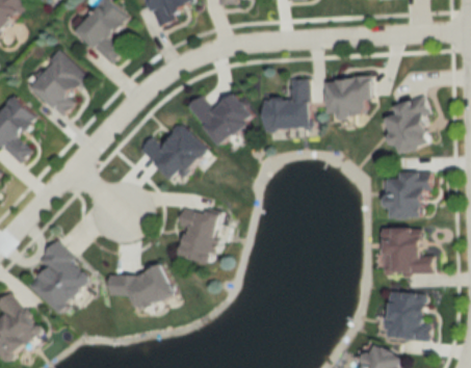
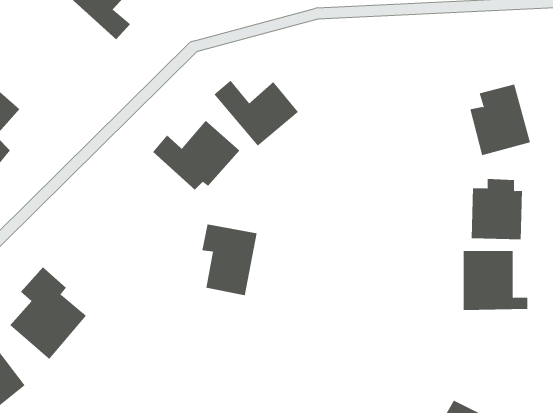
building: [28,52,88,116] -> none
building: [326,78,371,116] -> none
building: [263,79,309,130] -> none
building: [108,272,166,304] -> none
building: [383,291,429,341] -> none

